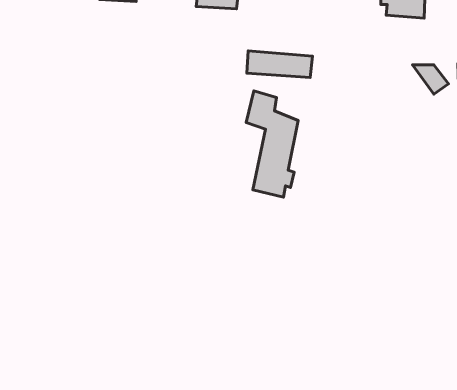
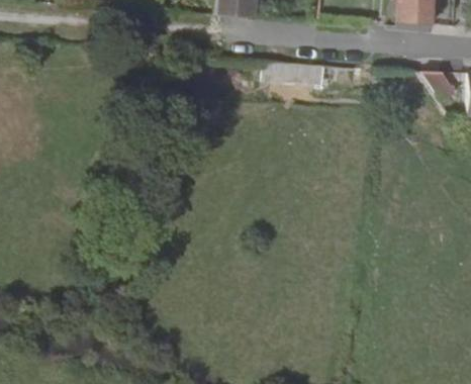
building: [246,91,298,197] -> none

